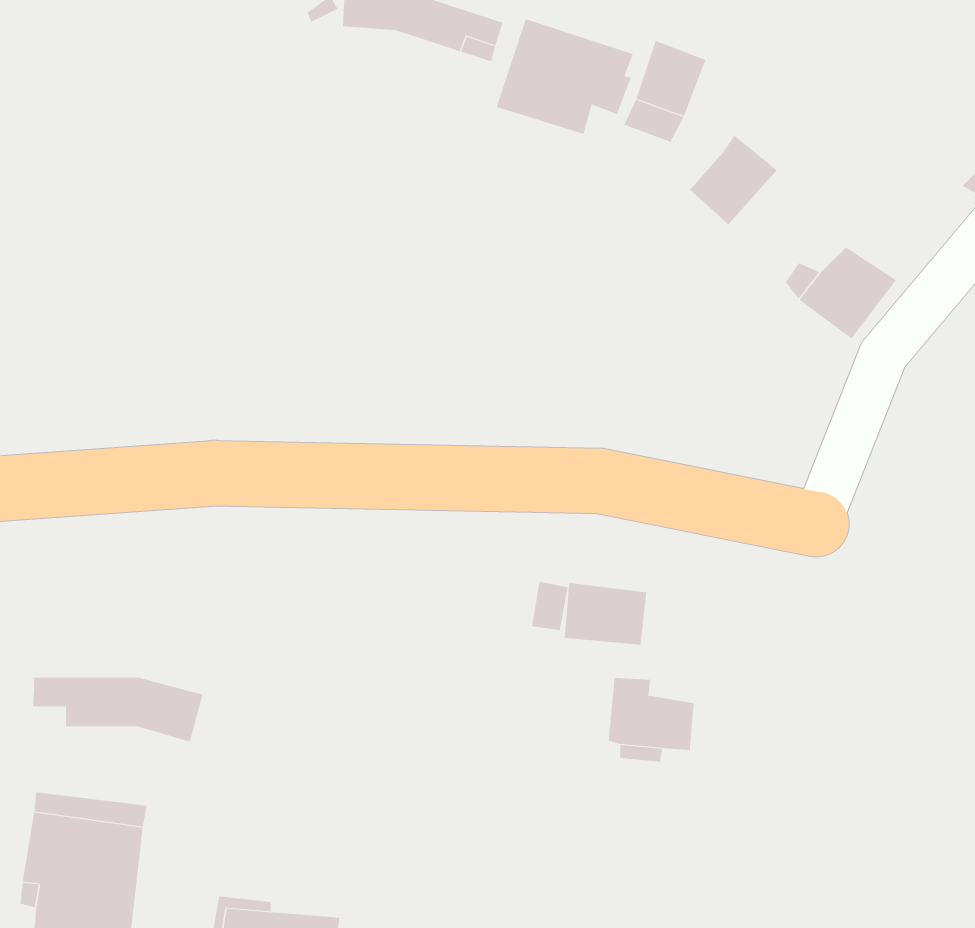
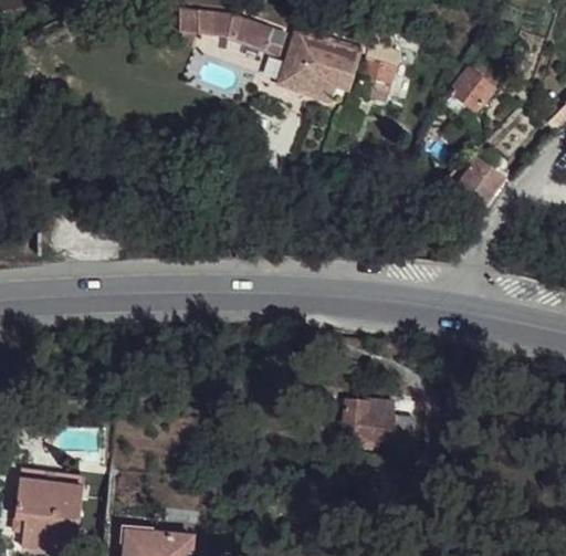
building: [689,135,778,225] -> [451,60,501,111]
building: [564,582,647,645] -> none
building: [33,677,203,743] -> none

